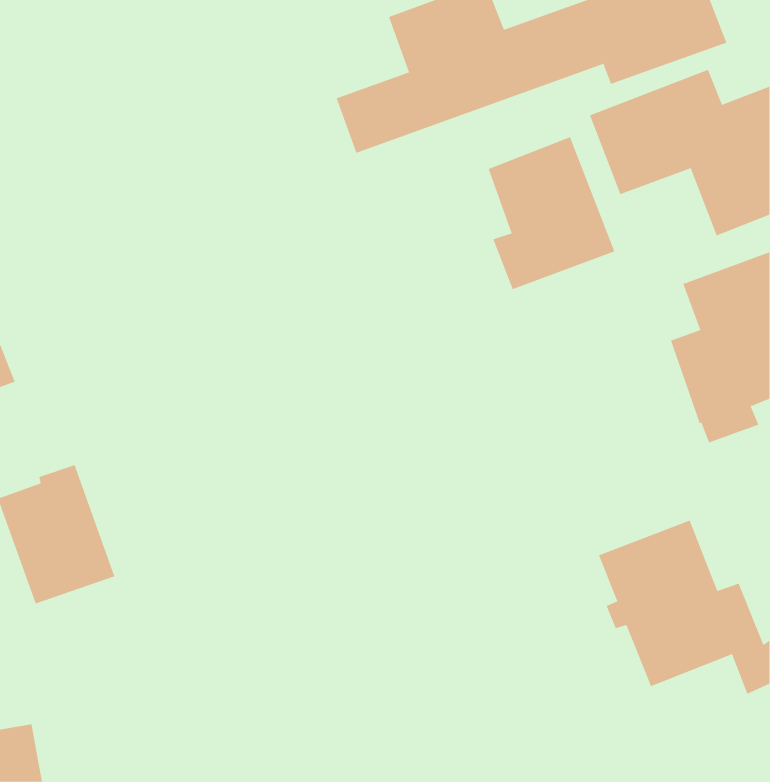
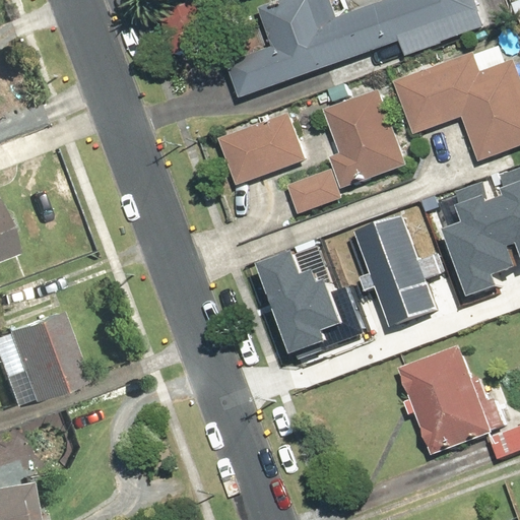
building: none -> [216,113,305,189]
building: none -> [285,169,341,215]
building: none -> [356,217,451,330]
building: none -> [259,249,343,351]

